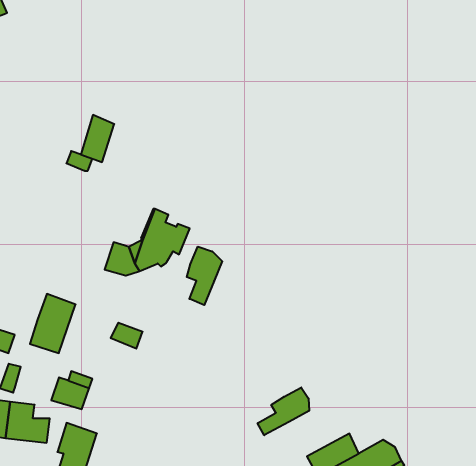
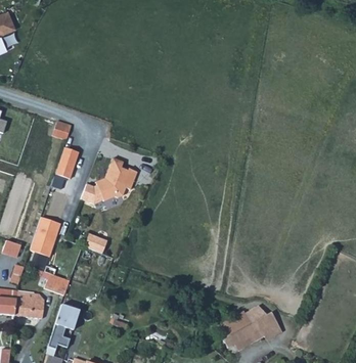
building: [81,115,114,162] -> [55,148,78,180]
building: [187,247,222,305] -> none
building: [258,387,309,435] -> none

